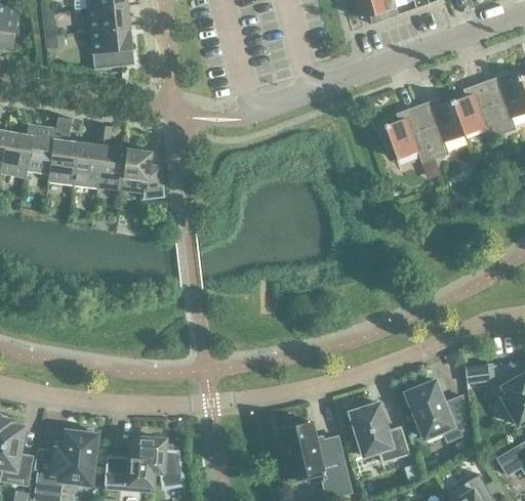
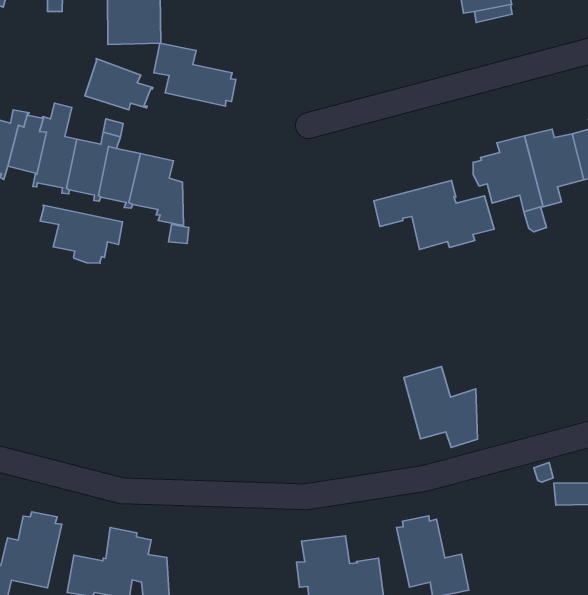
building: none -> [154,43,236,106]
building: none -> [85,59,153,110]
building: none -> [374,180,494,249]
building: none -> [40,205,123,263]
building: [406,382,467,443] -> [404,366,478,447]

